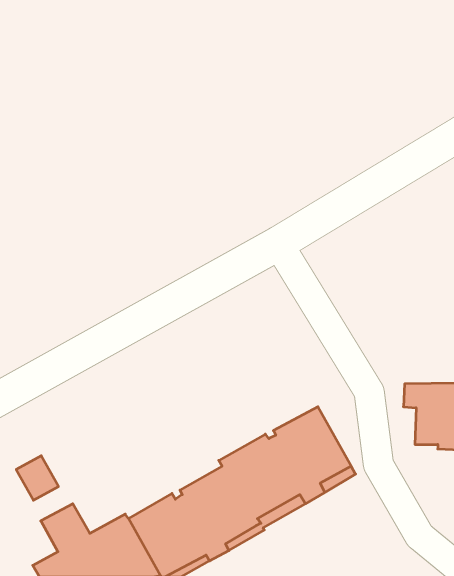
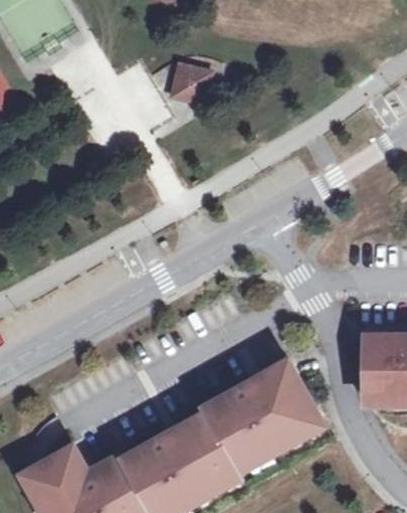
building: none -> [167,64,205,104]
building: [16,456,58,500] -> [20,463,57,502]

